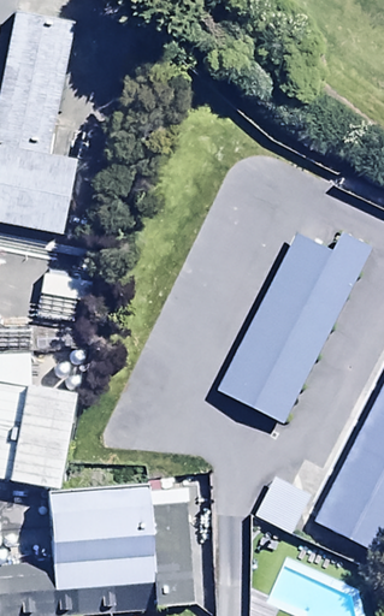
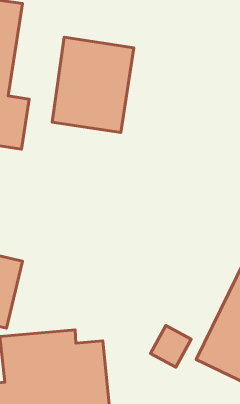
building: none -> [52,37,134,132]
building: [212,218,366,421] -> none

